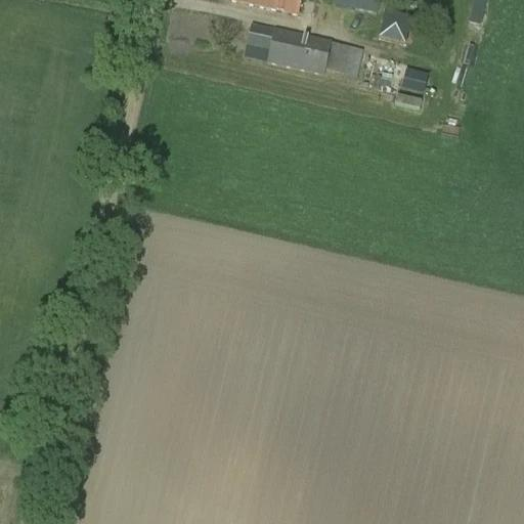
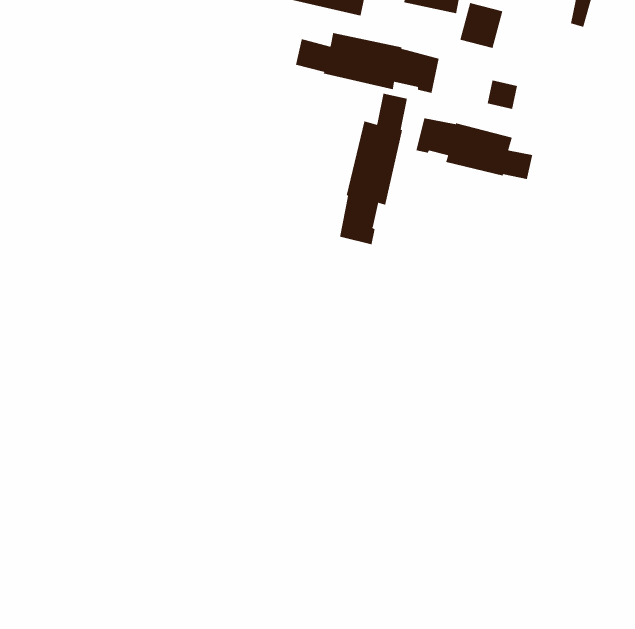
building: none -> [339,93,408,245]
building: none -> [416,118,533,180]

